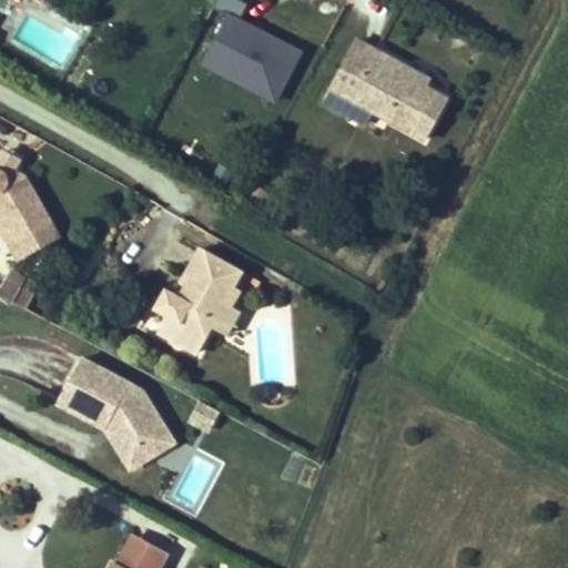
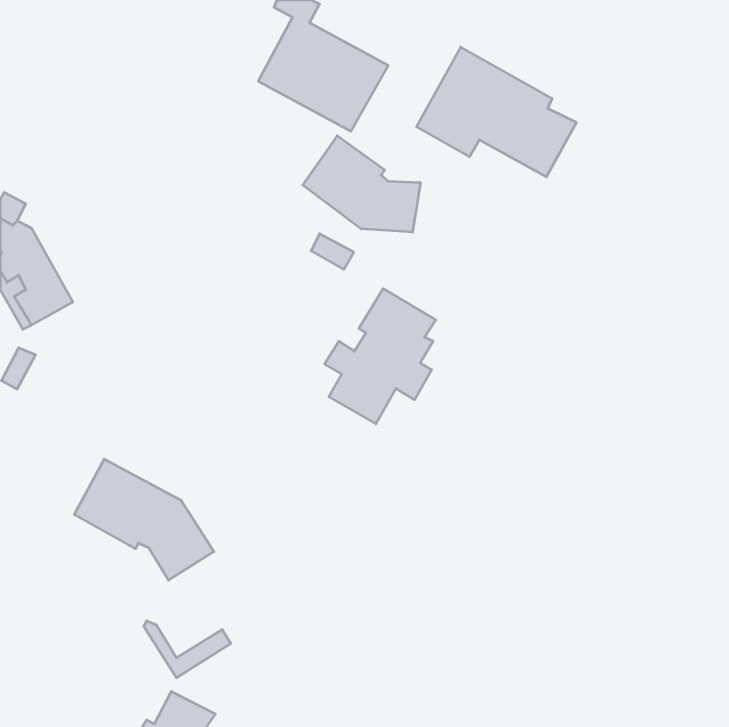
building: none -> [303,136,420,232]
building: [153,250,240,355] -> [325,289,436,424]
building: [105,424,173,468] -> [144,621,231,678]

